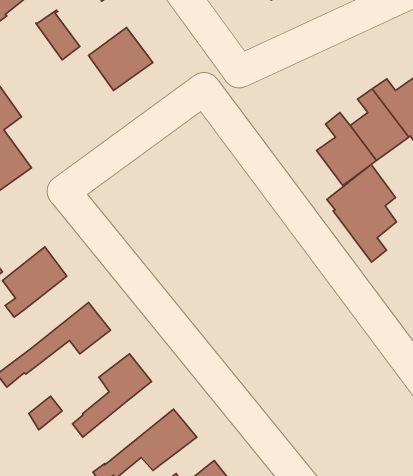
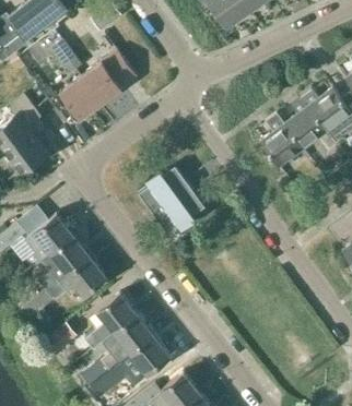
building: none -> [60,71,108,119]
building: [327,165,396,262] -> none
building: none -> [139,166,201,234]
building: none -> [37,236,90,290]
building: none -> [93,314,153,377]

